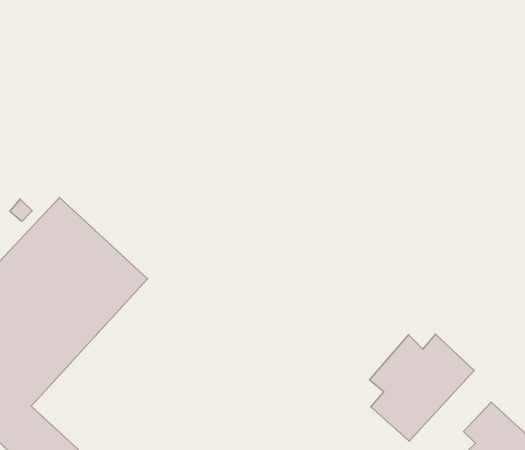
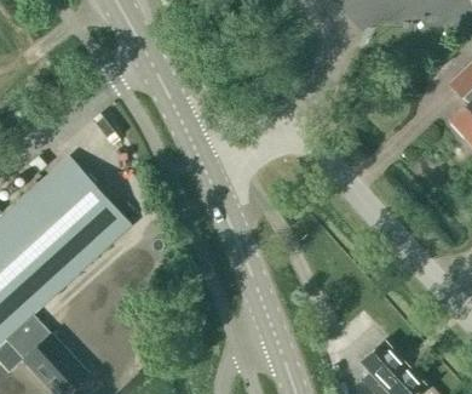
building: [369,334,474,441] -> none

